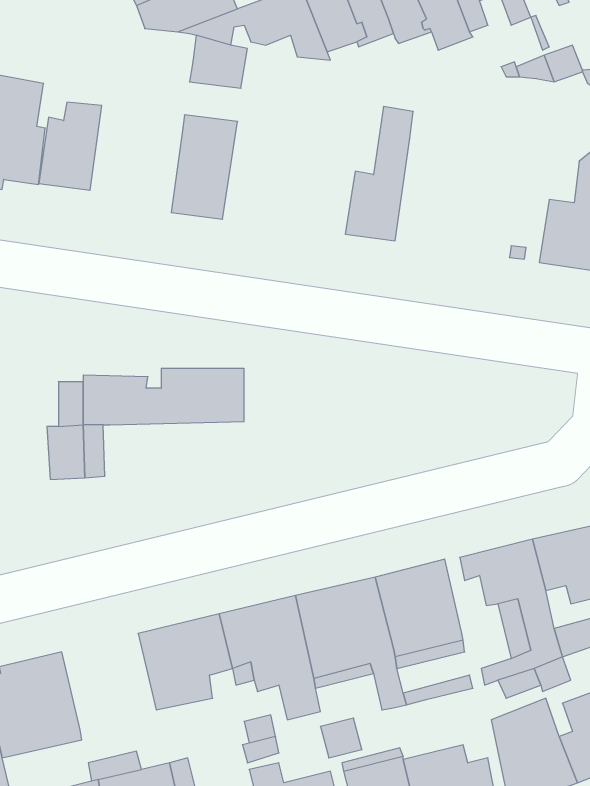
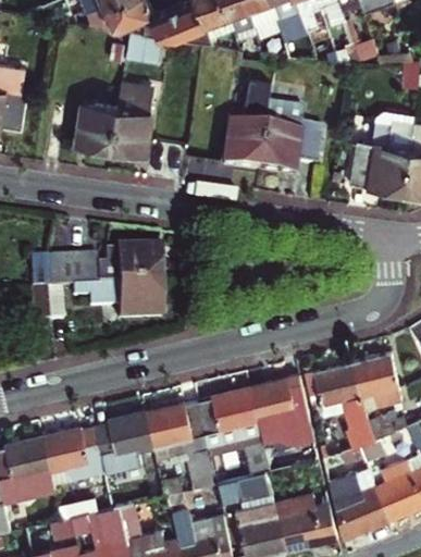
building: [39,102,102,190] -> [81,90,122,148]
building: none -> [261,99,325,172]
building: none -> [74,285,162,318]
building: none -> [42,424,104,487]

